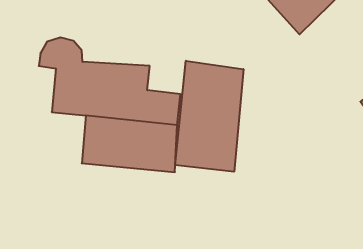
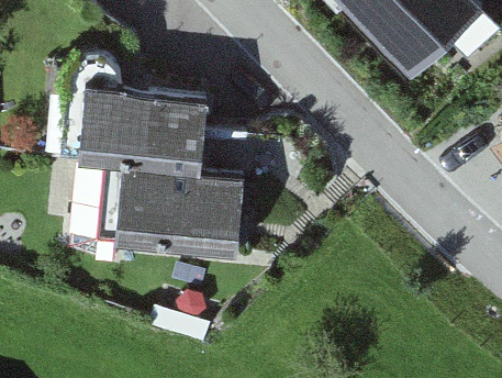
building: [175,61,243,172] -> none

